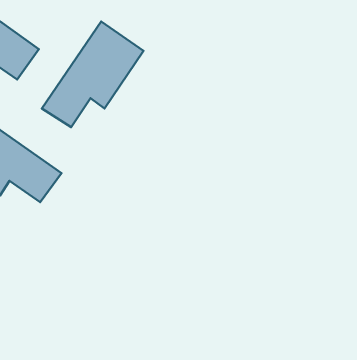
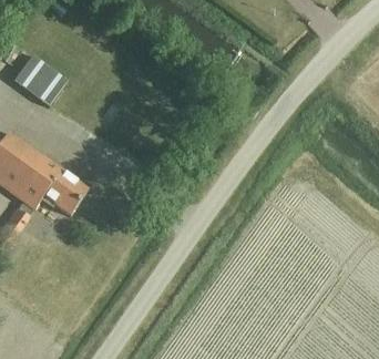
building: [42,21,143,127] -> none

